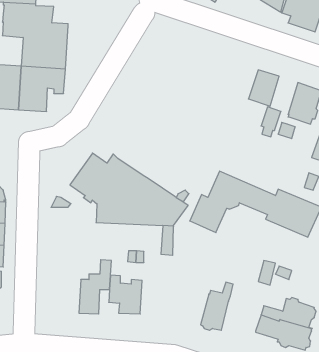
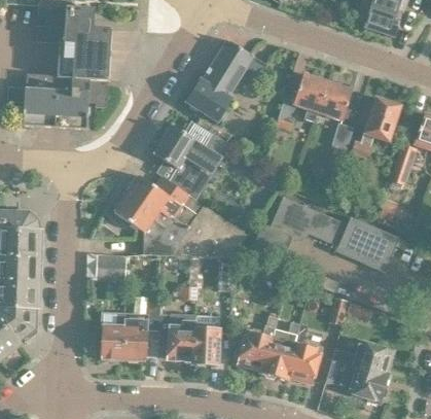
building: none -> [184,39,252,120]
building: none -> [276,73,328,132]
building: none -> [151,125,230,201]
building: none -> [96,256,127,282]
building: none -> [101,313,125,358]
building: none -> [239,316,278,372]
building: none -> [193,321,220,362]
building: none -> [286,324,320,381]

